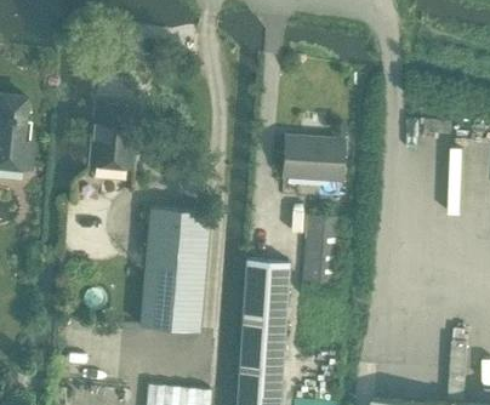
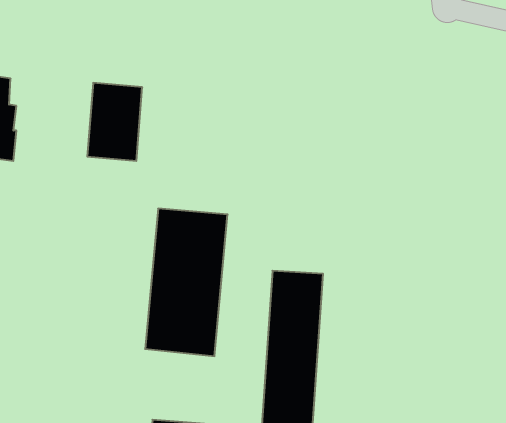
building: [283,139,342,183] -> none
building: [302,217,340,285] -> none

